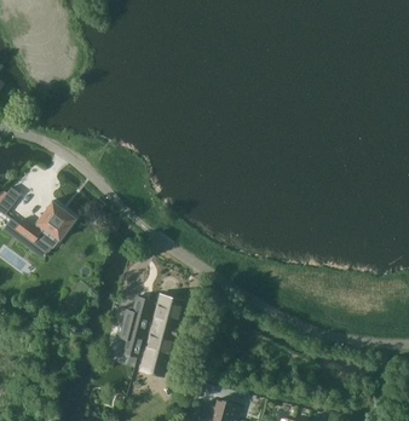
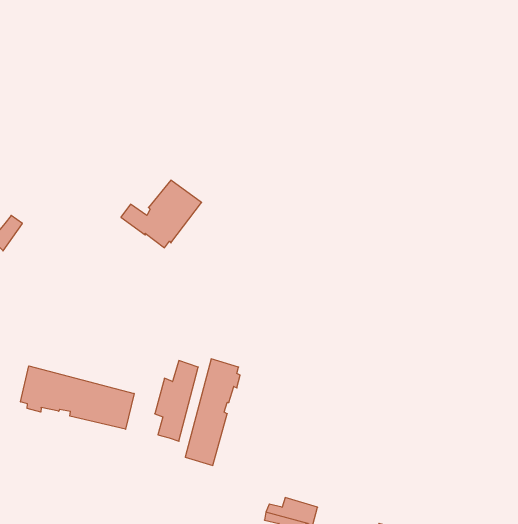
building: [13,202,74,253] -> [121,180,202,248]
building: none -> [21,366,134,429]

